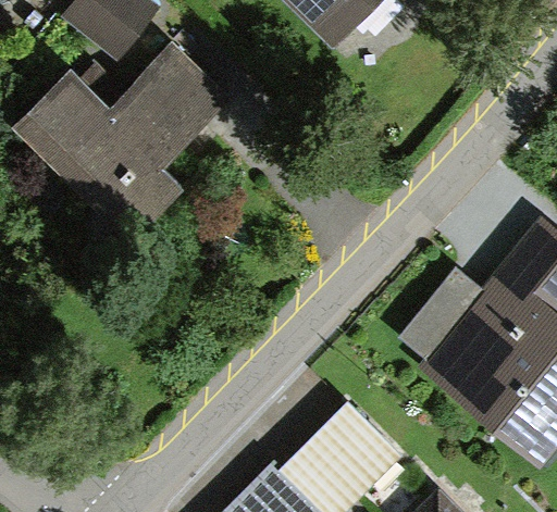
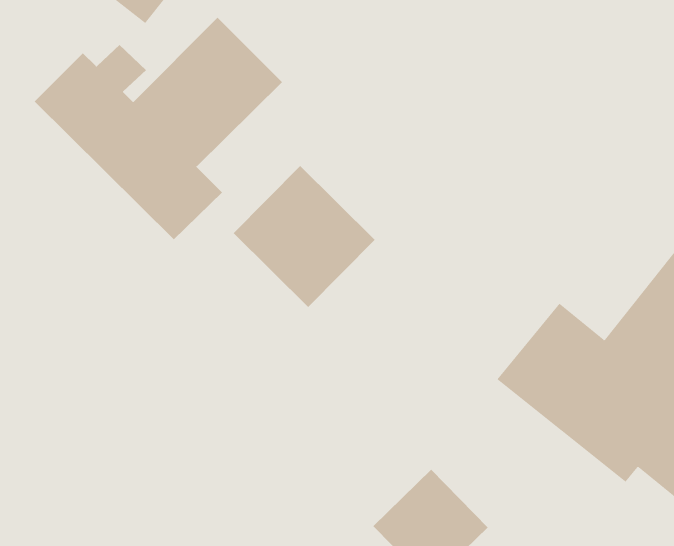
building: none -> [233,165,376,308]

